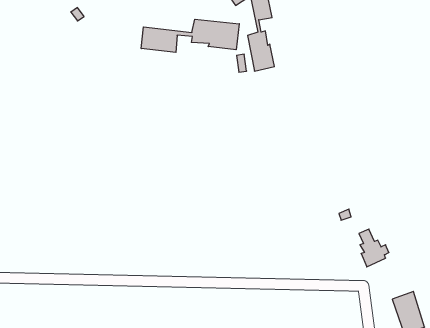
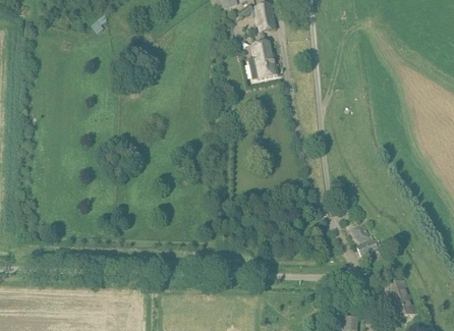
building: [141,19,239,52] -> none

